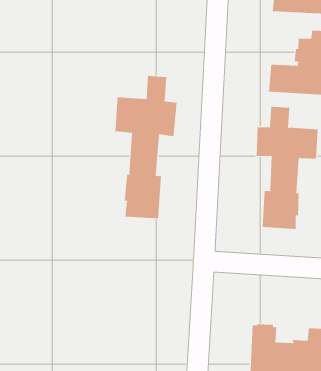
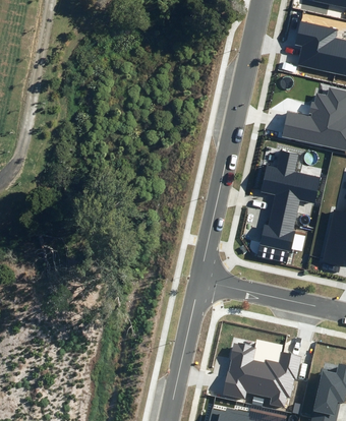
building: [115,75,177,219] -> none

